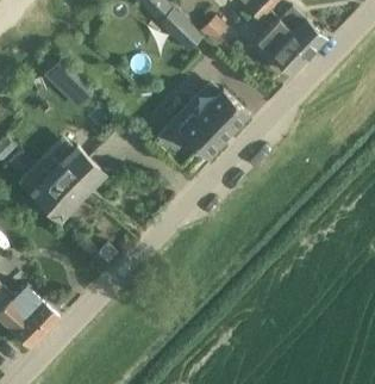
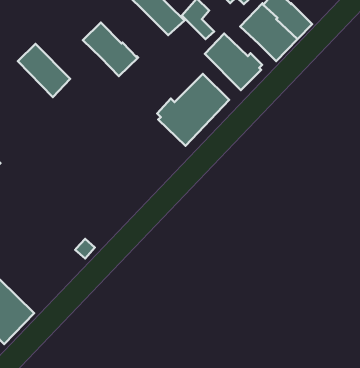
building: none -> [83,22,138,76]
building: none -> [205,33,262,90]
building: [29,145,100,217] -> none

